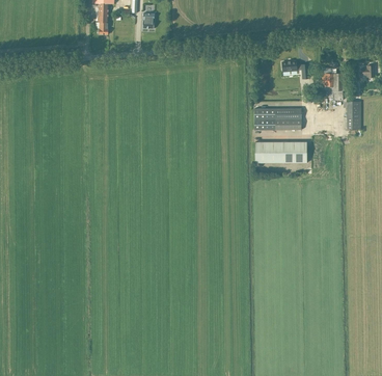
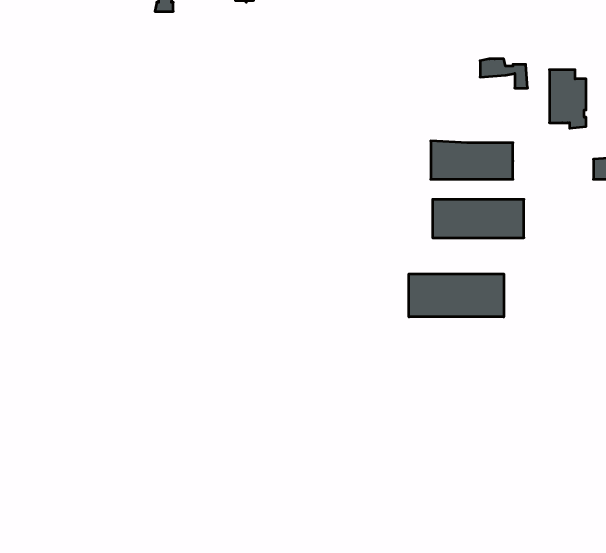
building: none -> [409,274,504,317]

